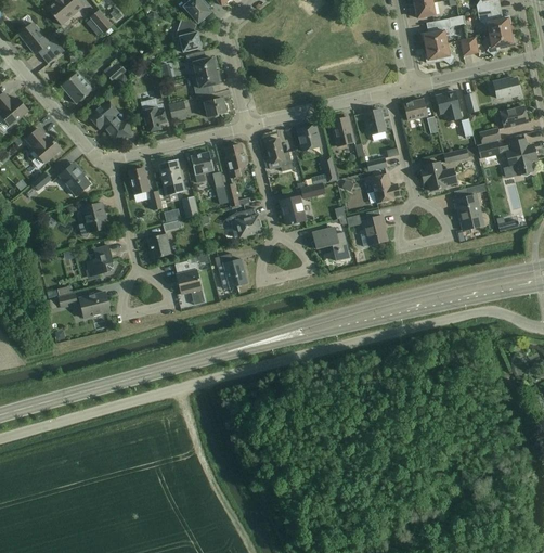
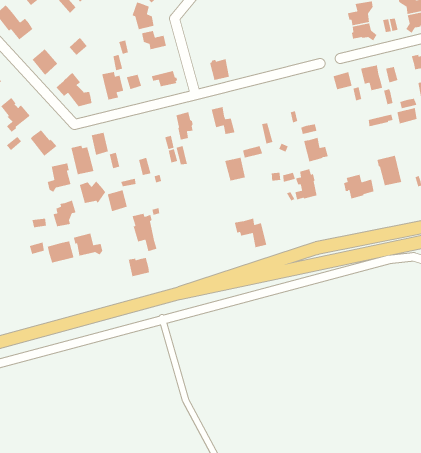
building: [194,70,219,98] -> none
building: [365,108,386,141] -> none
building: [332,117,354,146] -> none
building: [297,125,321,151] -> [209,58,230,81]
building: [191,152,215,183] -> none
building: [158,160,185,195] -> [71,145,94,175]
building: [422,162,457,191] -> [343,174,375,200]
building: [225,208,263,237] -> none
building: none -> [79,180,106,204]
building: [312,227,350,261] -> [234,218,267,248]
building: [215,253,248,288] -> none
building: none -> [73,233,103,257]
building: none -> [128,257,150,277]

